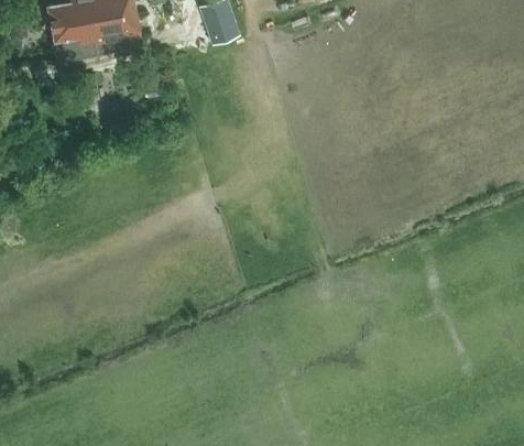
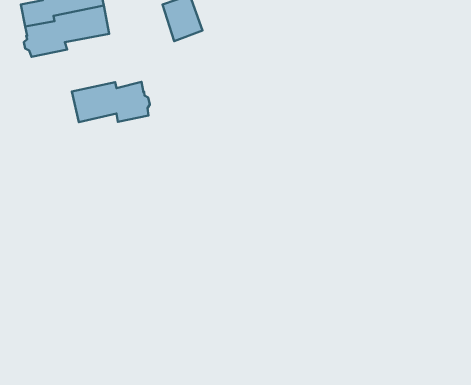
building: none -> [72,82,150,122]

